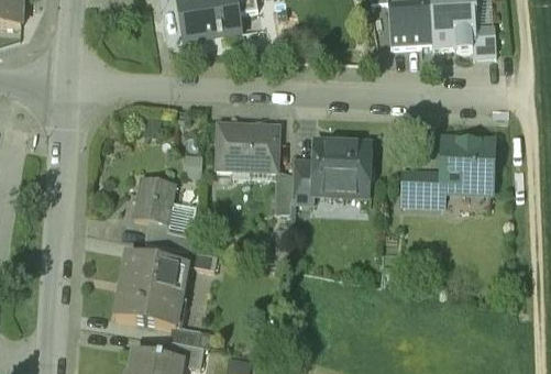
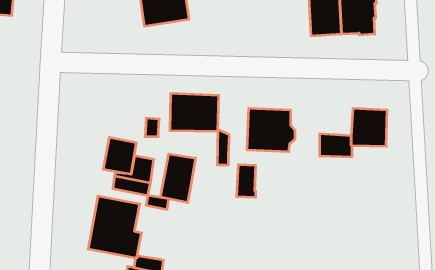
building: [472,25,496,57] -> none
building: [290,160,315,200] -> [236,165,256,197]
building: none -> [160,154,196,203]

